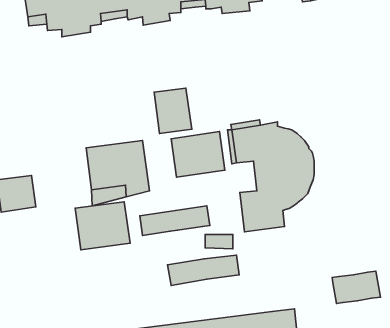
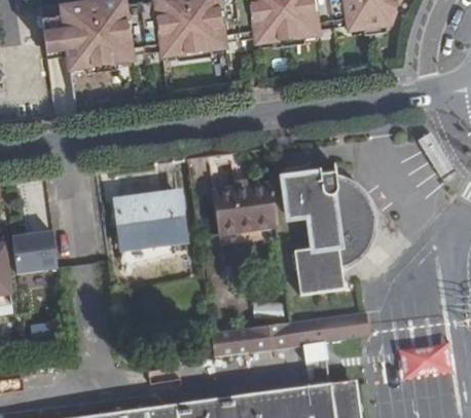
building: [154,88,192,134] -> none
building: [75,202,130,250] -> none
building: [140,206,210,236] -> [288,312,368,346]

